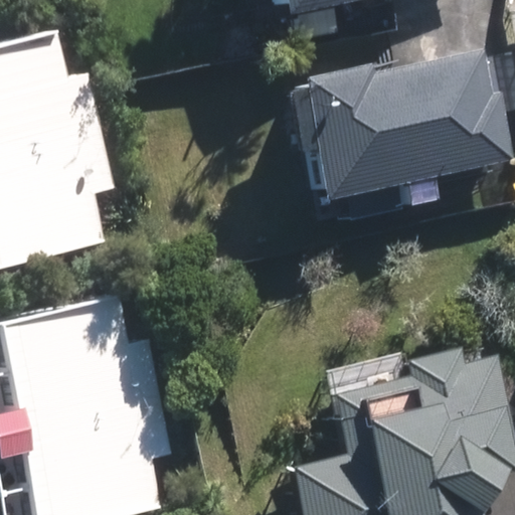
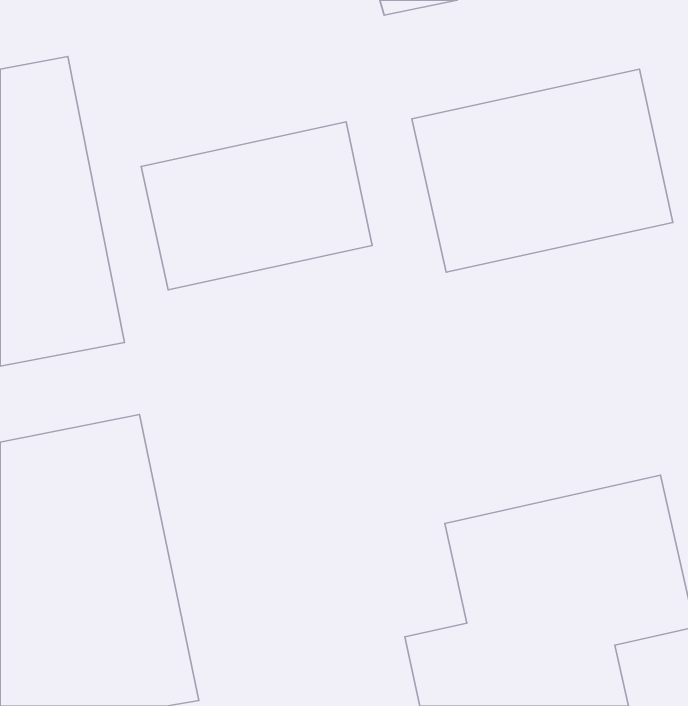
building: none -> [141,122,372,290]

